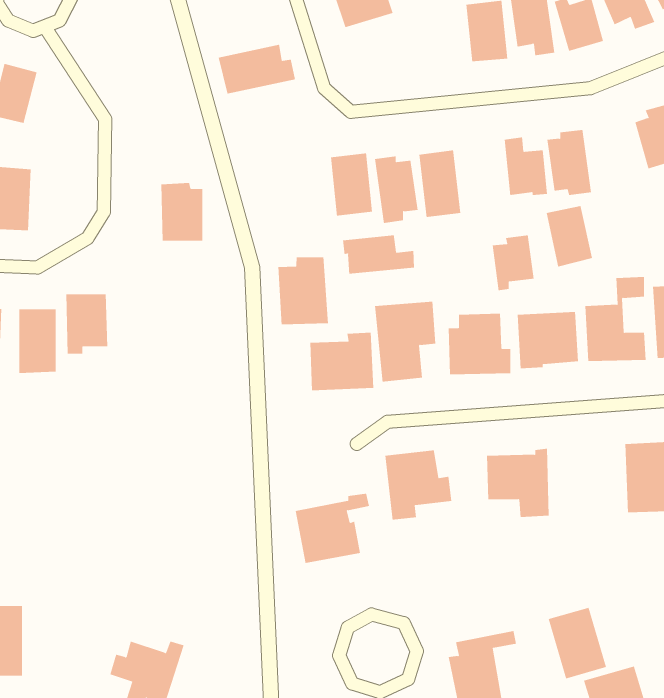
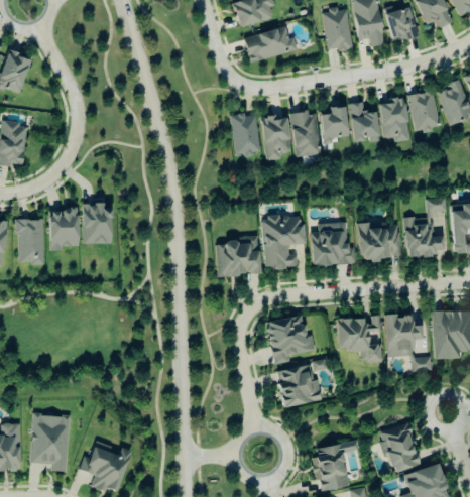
building: [218,44,296,94] -> [243,27,297,61]
building: [160,183,203,241] -> [82,204,111,244]
building: [546,205,593,267] -> [407,91,440,133]
building: [342,234,414,275] -> none
building: [492,235,535,291] -> [320,106,349,144]
building: [278,256,328,325] -> none
building: none -> [384,315,431,373]
building: [295,493,370,564] -> [275,360,327,408]
building: none -> [29,414,69,473]

